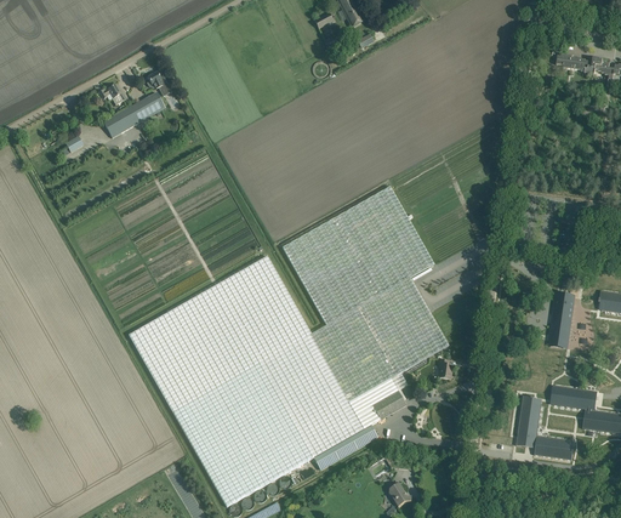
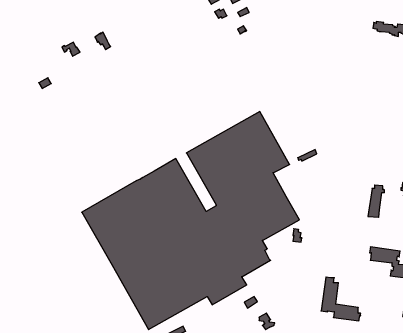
building: [104,91,165,137] -> none
building: [515,394,574,459] -> [321,277,361,321]

